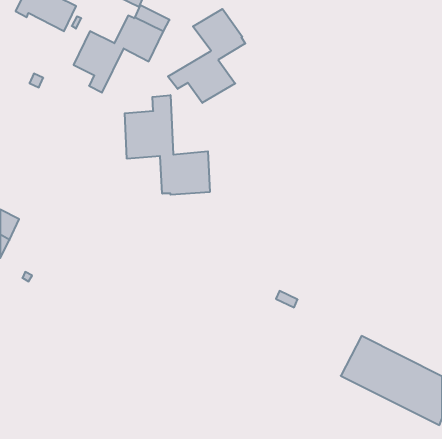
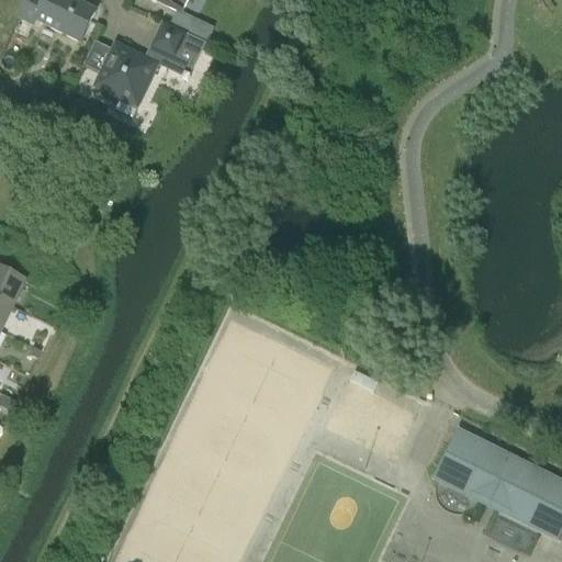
building: [168,9,245,103] -> none
building: [125,95,210,195] -> none

